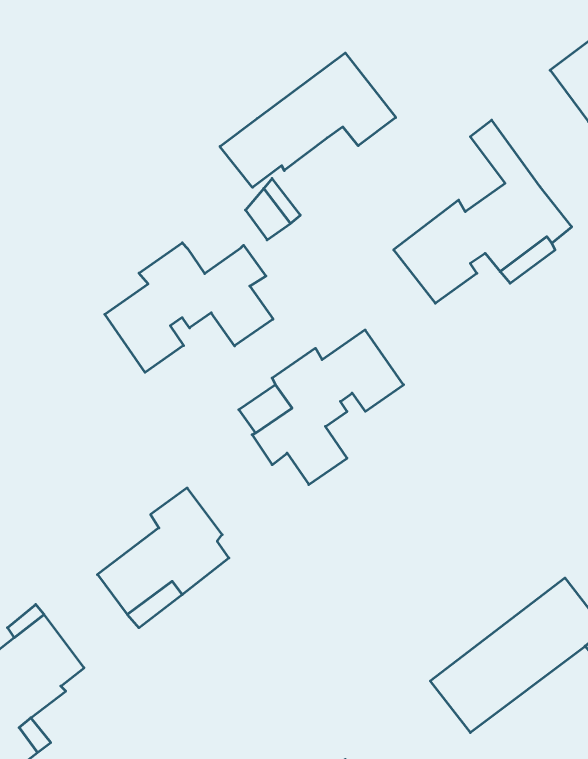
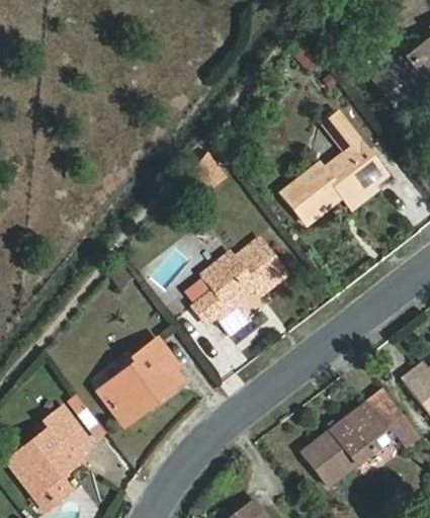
building: [220,53,396,187] -> none
building: [105,243,273,372] -> none

